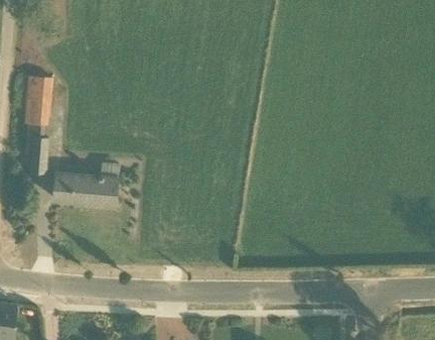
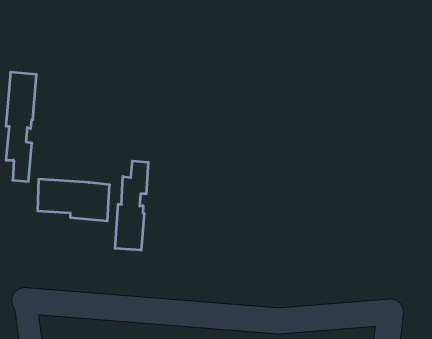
building: none -> [115,161,148,250]

